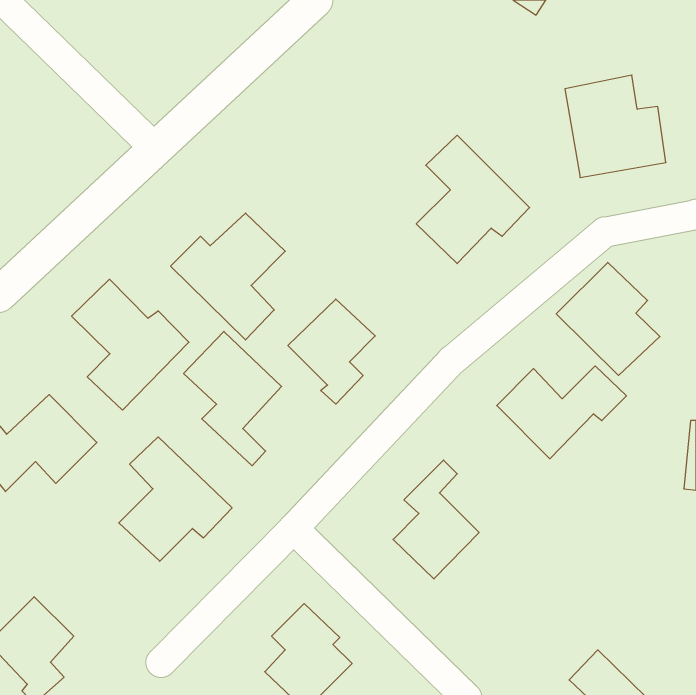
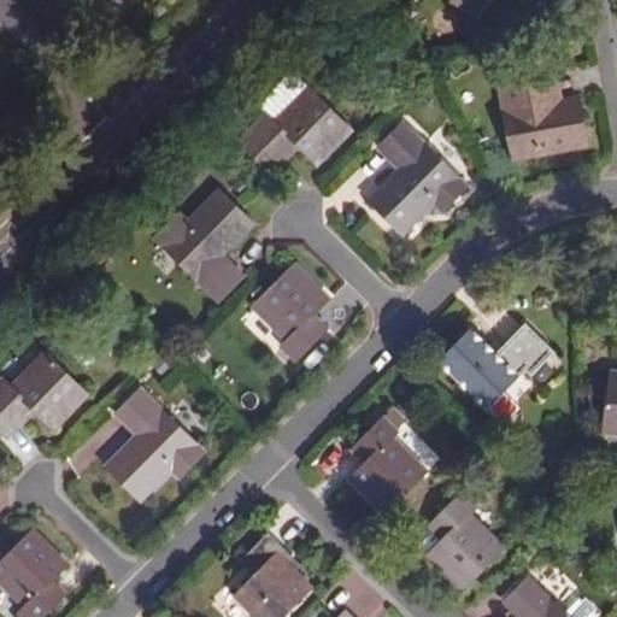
building: none -> [240,89,351,172]
building: [556,262,660,375] -> none
building: [72,279,189,410] -> none
building: [184,331,282,466] -> none
building: none -> [428,495,503,590]

